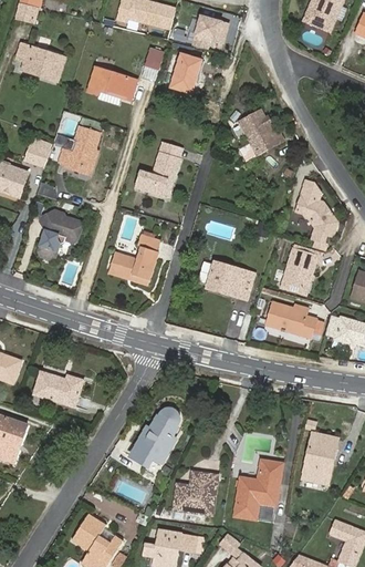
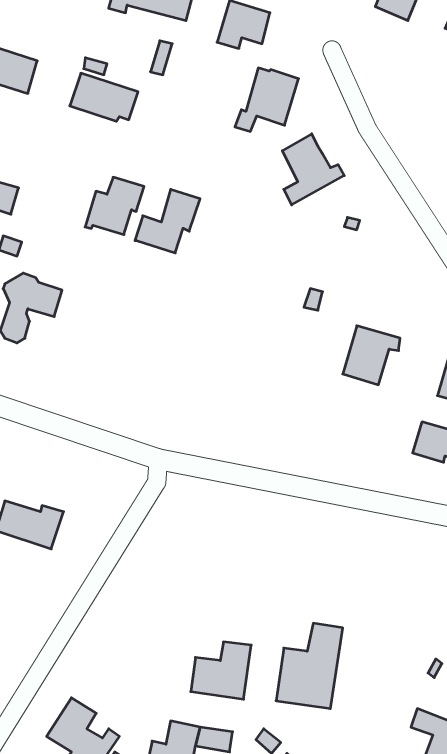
building: [156,52,201,97] -> [235,68,299,131]
building: [59,126,101,167] -> [85,177,144,235]
building: [298,181,336,241] -> none
building: [108,235,160,279] -> none
building: [206,261,254,293] -> none
building: [264,301,317,338] -> none
building: [131,410,178,466] -> none
building: [302,432,336,483] -> none

